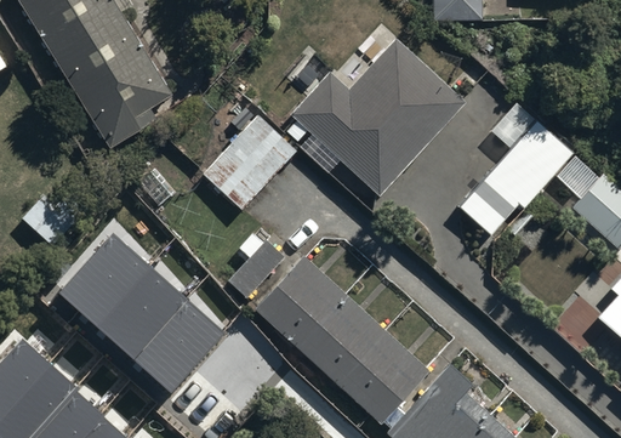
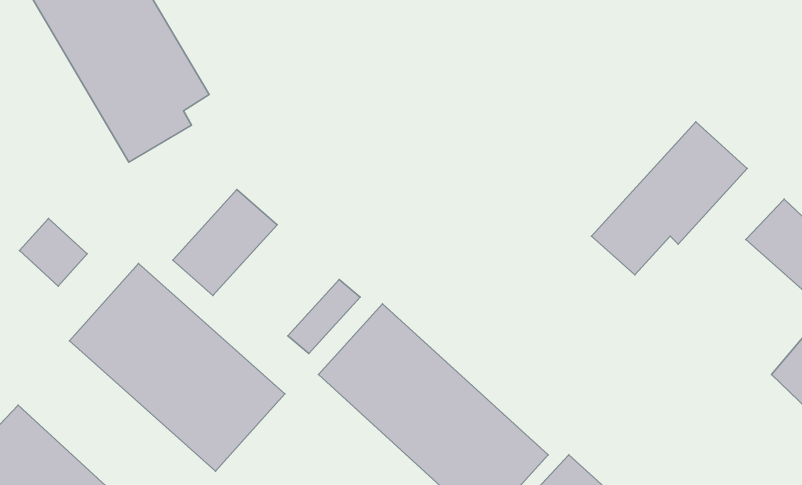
building: [289,41,460,198] -> none
building: [212,126,291,206] -> [173,189,277,296]

